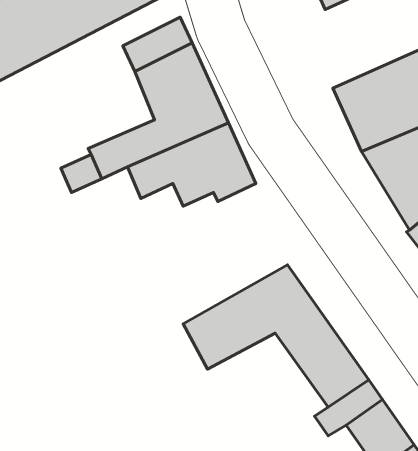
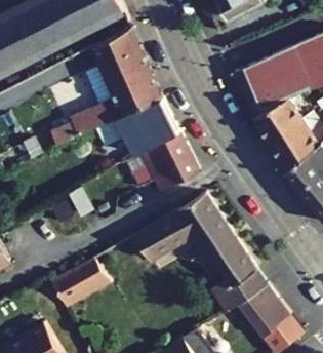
building: none -> [126,139,199,191]
building: none -> [49,257,107,306]

